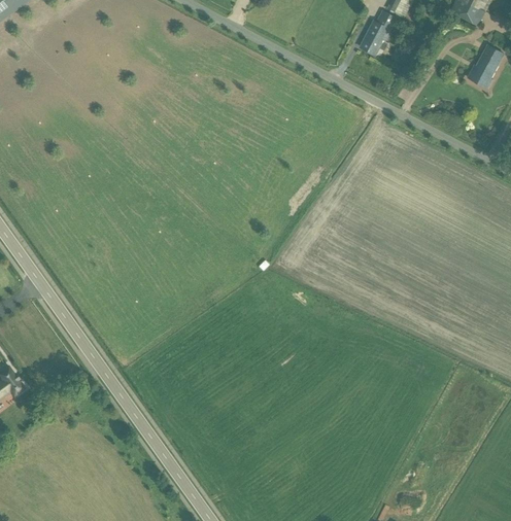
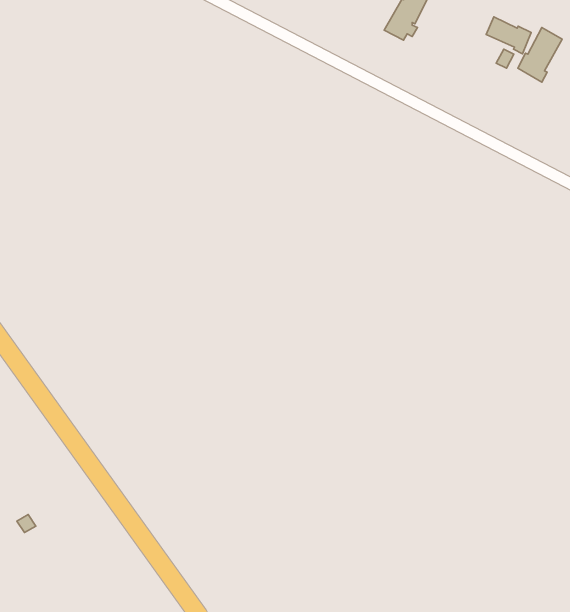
building: none -> [486,17,531,54]

